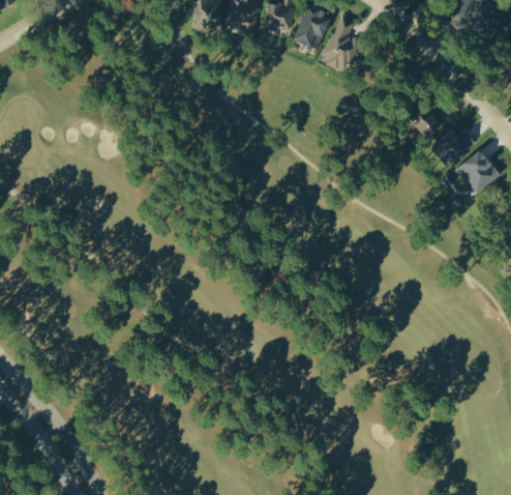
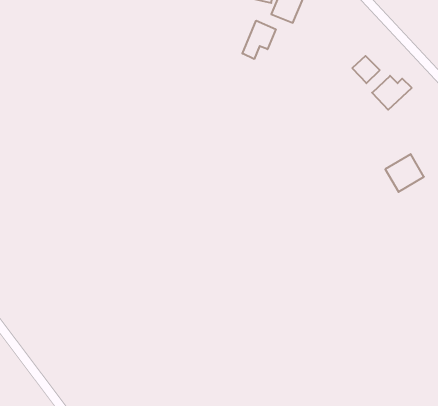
building: none -> [242,21,276,59]
building: [454,152,497,194] -> [385,154,424,192]

